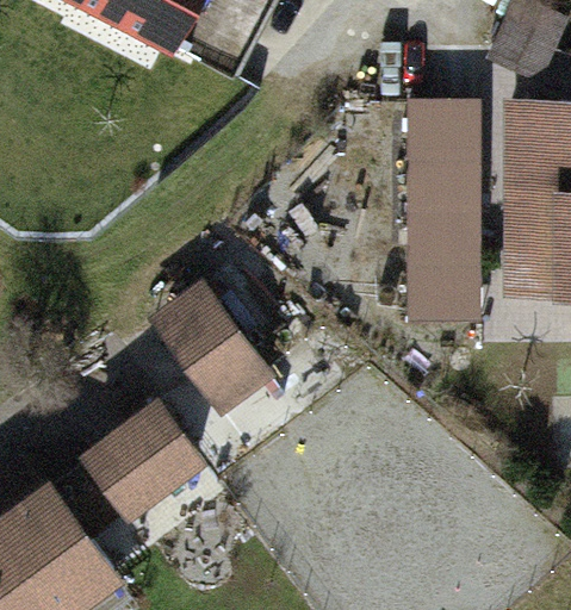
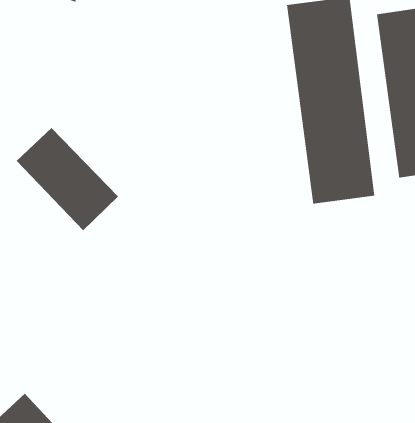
building: [150,285,263,410] -> [16,127,119,231]
building: [82,406,195,516] -> none

